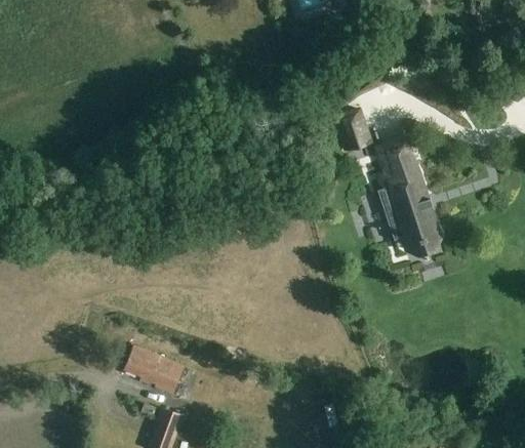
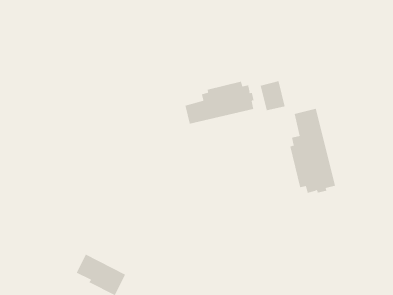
building: none -> [185,81,254,125]

